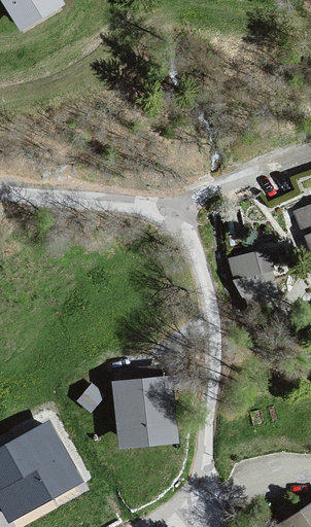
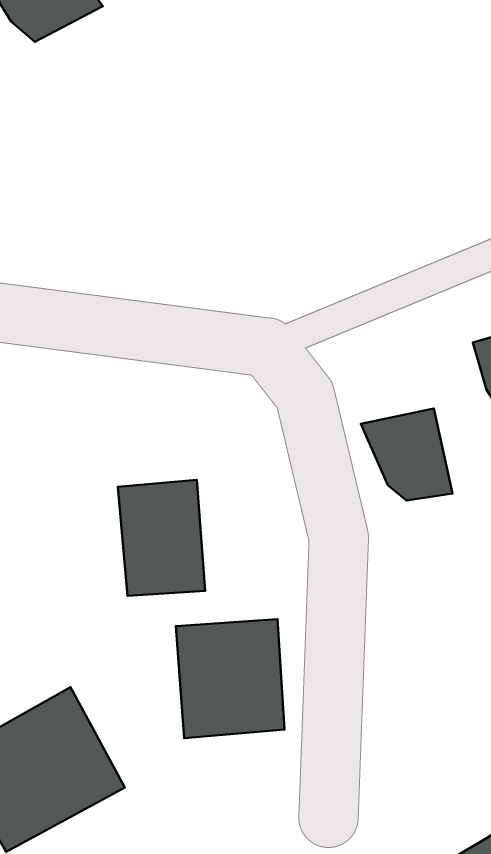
building: none -> [118,480,205,596]

